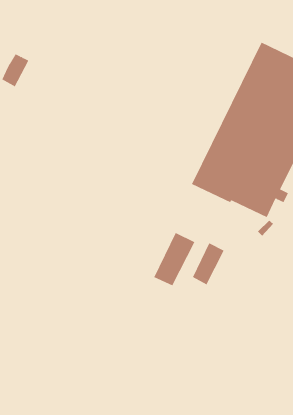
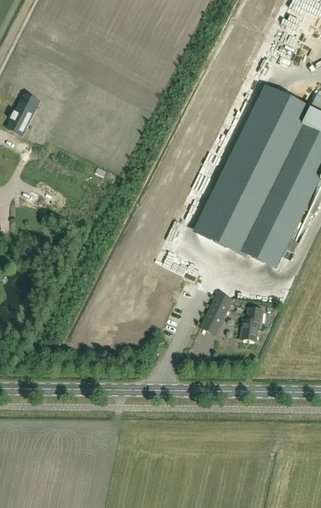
building: [154,232,195,286] -> none
building: none -> [239,306,261,339]

